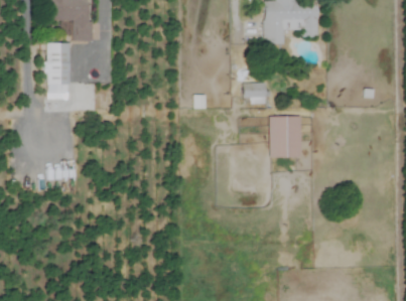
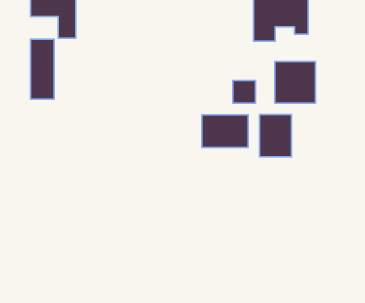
building: none -> [275,62,316,103]
building: none -> [202,115,248,147]

